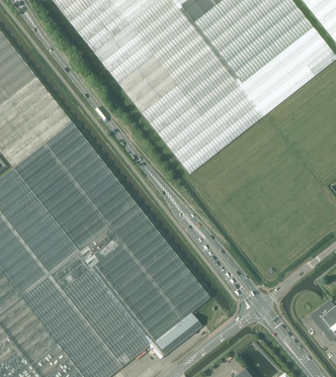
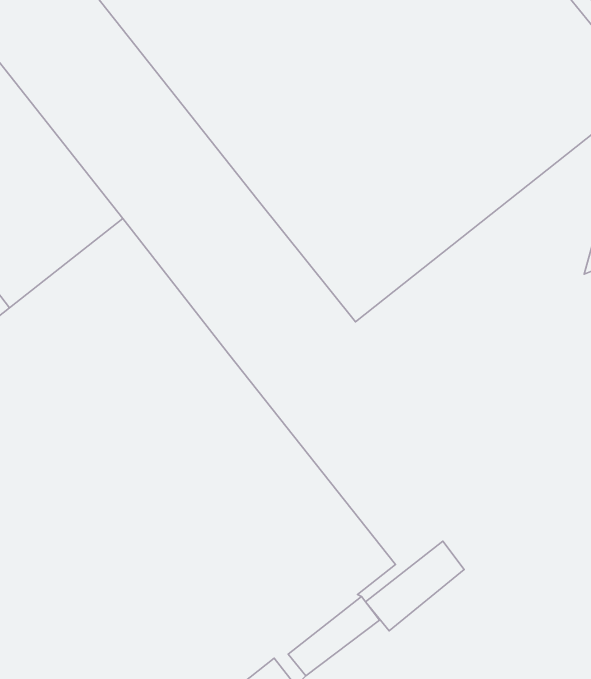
building: none -> [366,541,464,631]

